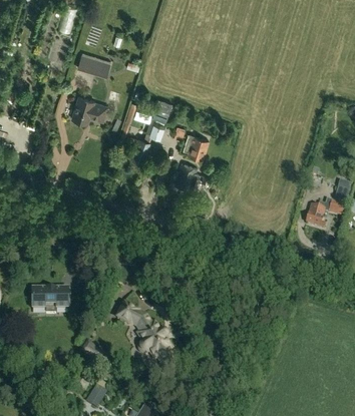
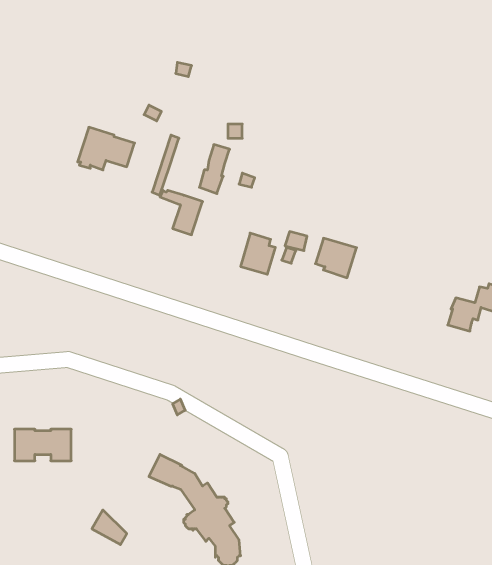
building: [76,53,110,76] -> none
building: [183,133,209,158] -> [315,238,357,278]

